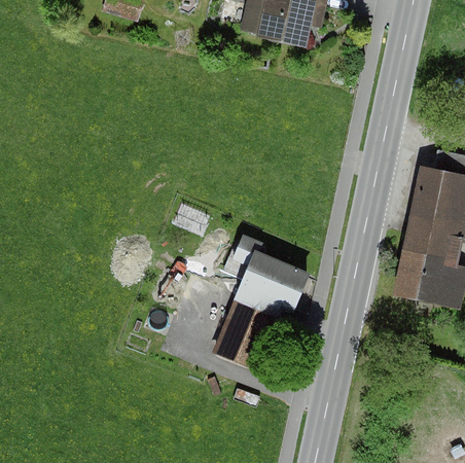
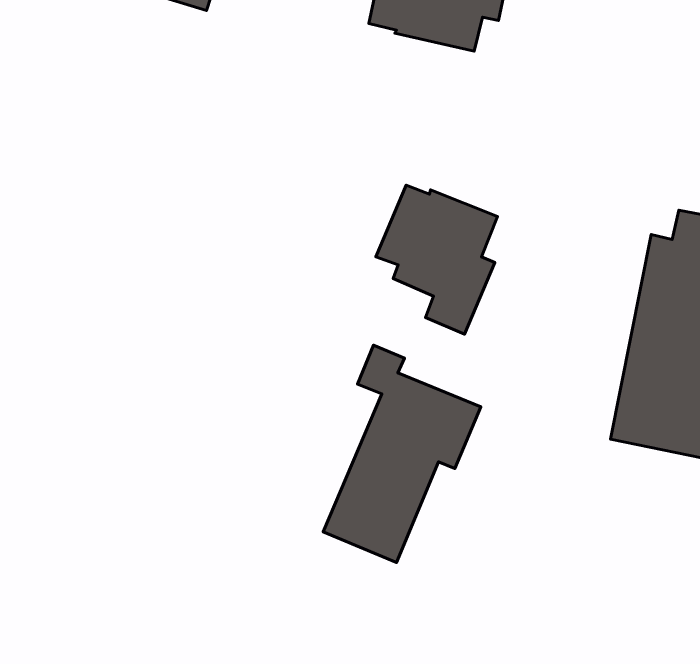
building: none -> [376,185,497,334]

